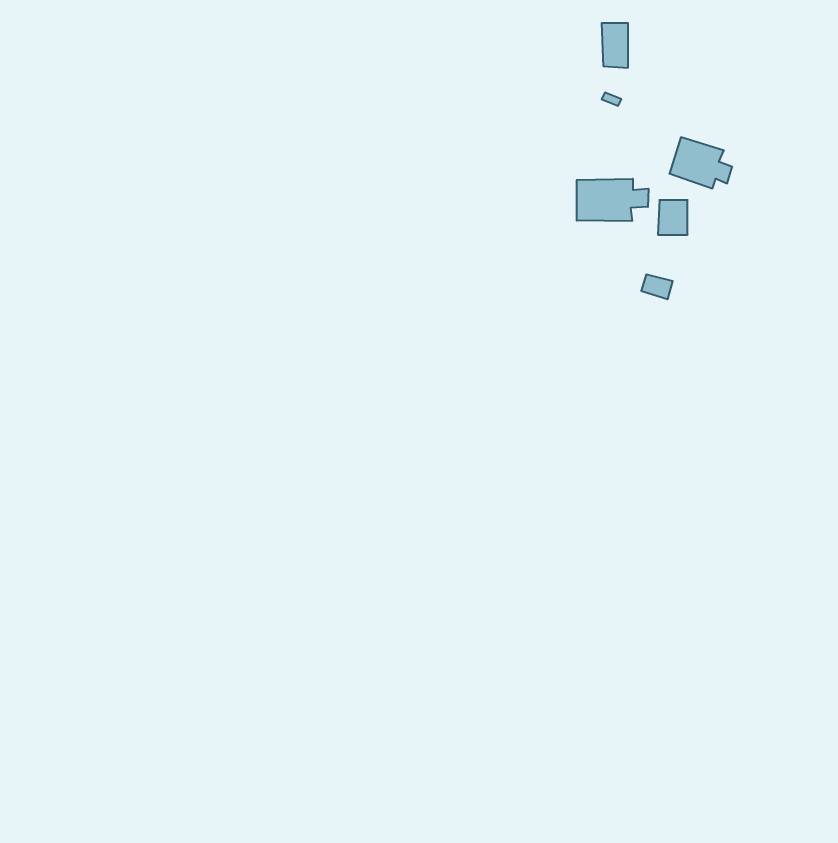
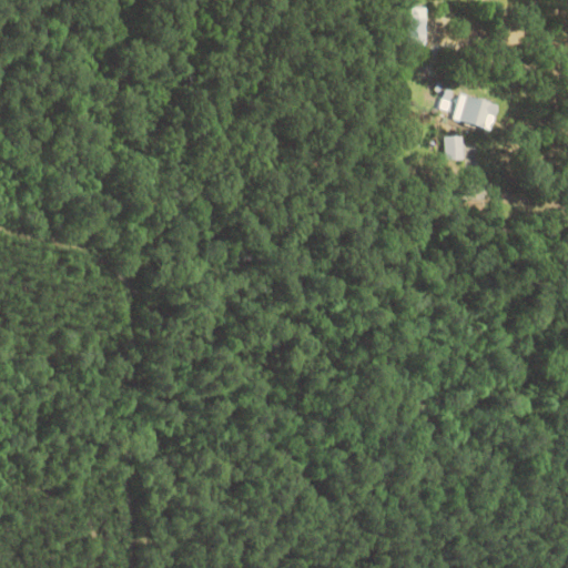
building: [577,179,648,221] -> none

